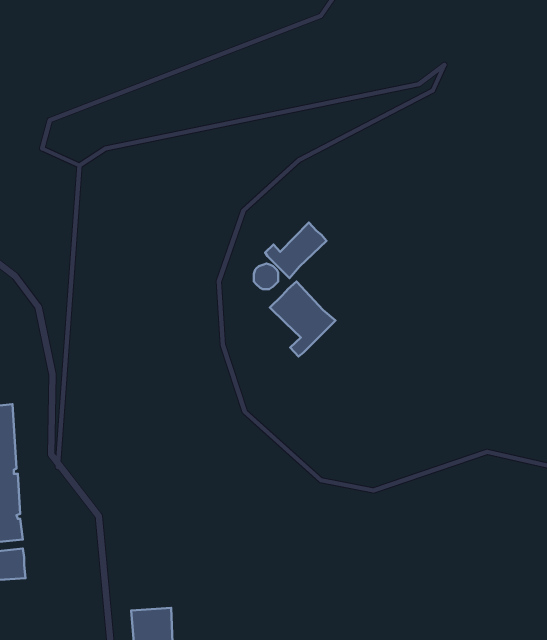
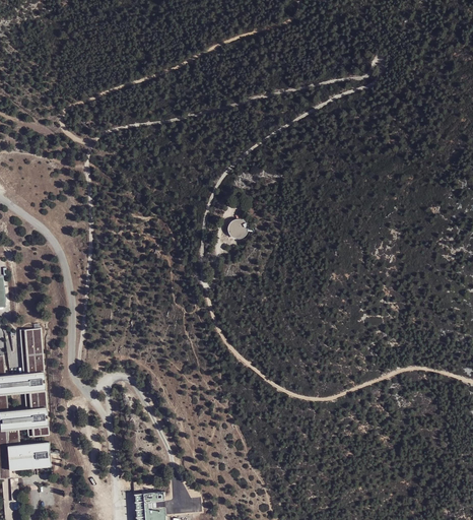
building: [265,223,326,278] -> none
building: [270,281,335,356] -> none

